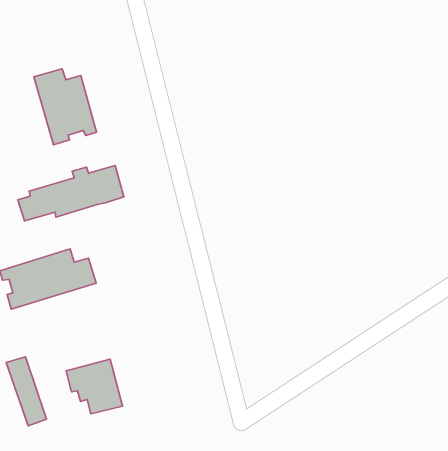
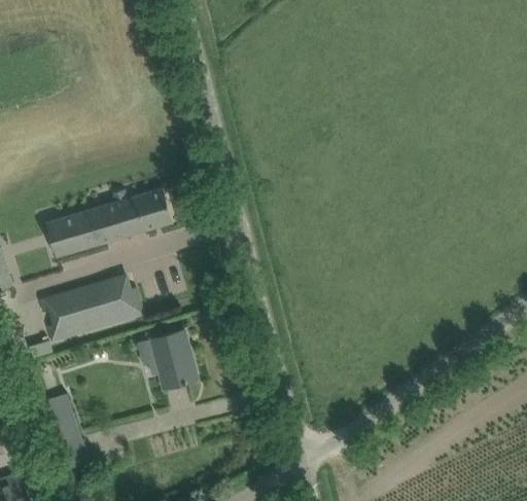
building: [34,69,97,145] -> none
building: [66,359,122,414] -> [136,330,197,389]

